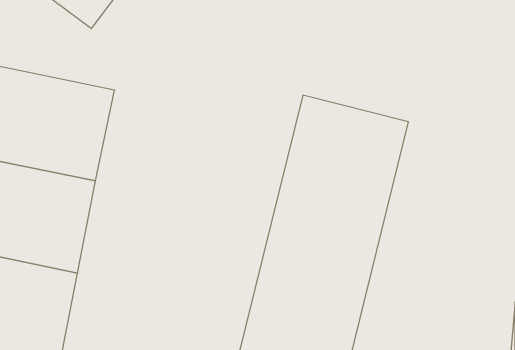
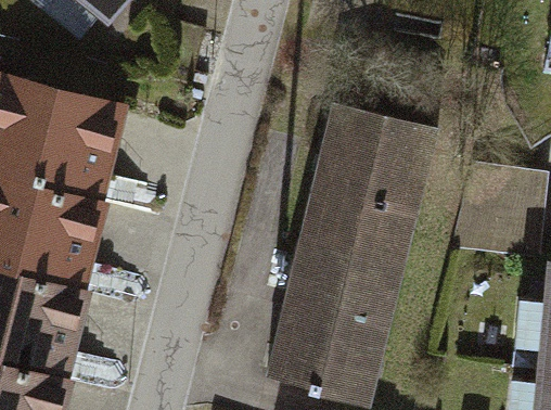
building: none -> [448,155,537,276]

